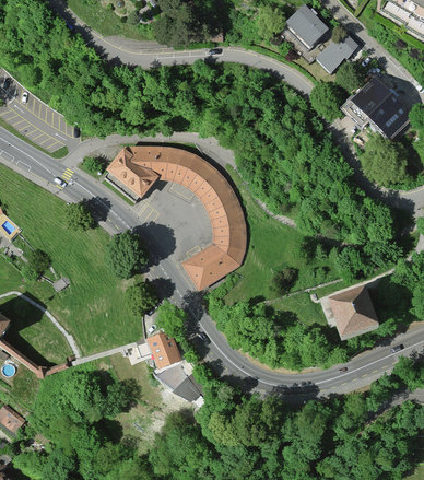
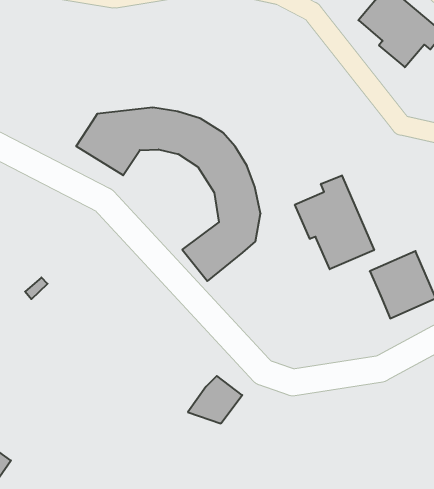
building: none -> [295,175,374,269]
building: [146,332,180,373] -> none

